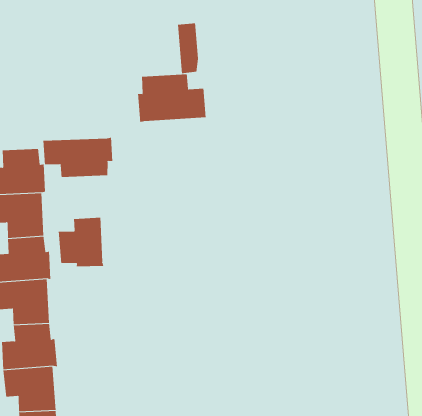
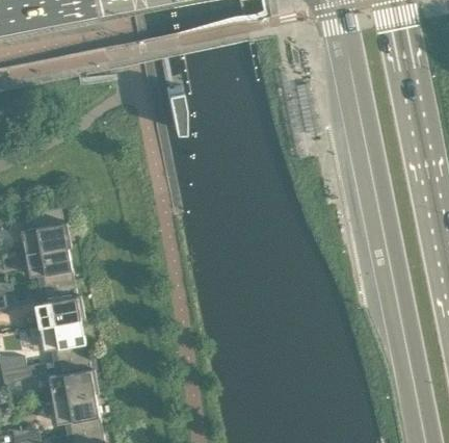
building: [137,73,206,123] -> none
building: [43,137,113,178] -> none
building: [58,217,104,267] -> none

